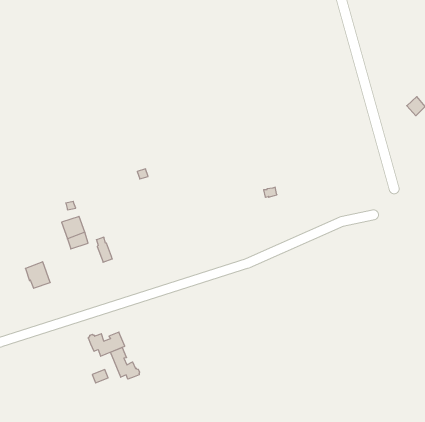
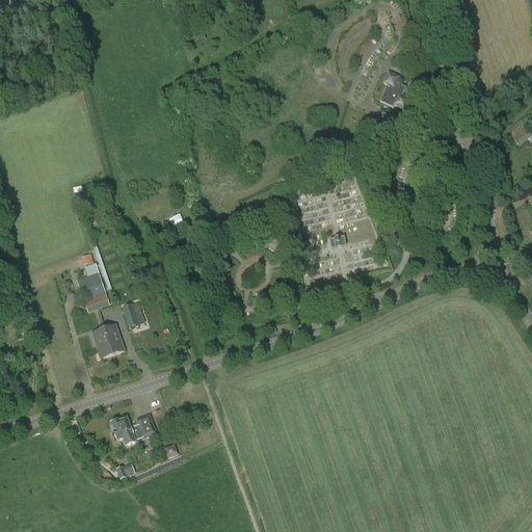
building: none -> [380,70,409,107]
building: [25,262,50,288] -> [94,324,125,357]
building: [110,347,139,379] -> none

